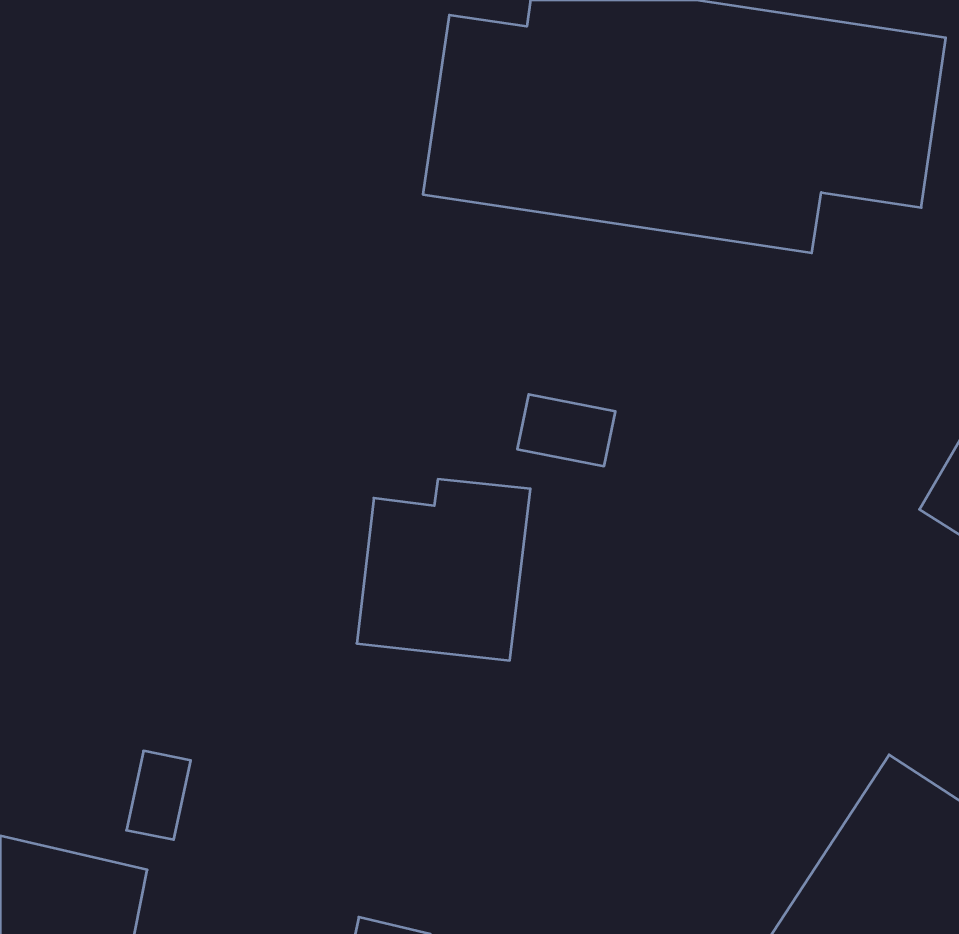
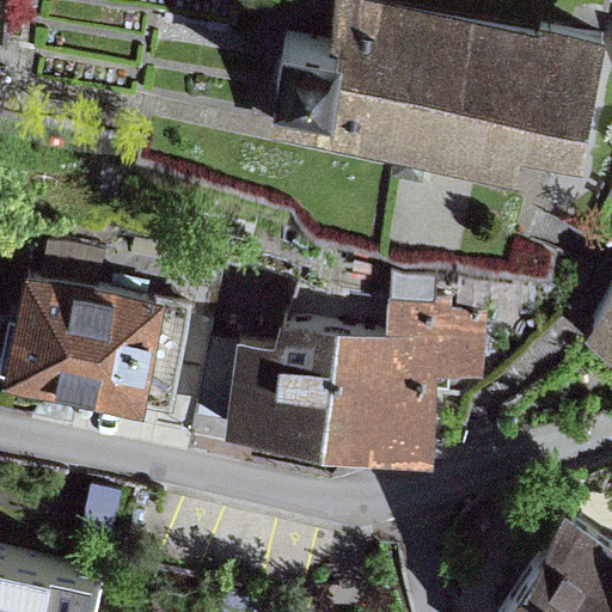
building: none -> [8,249,202,405]
building: none -> [326,302,489,449]

